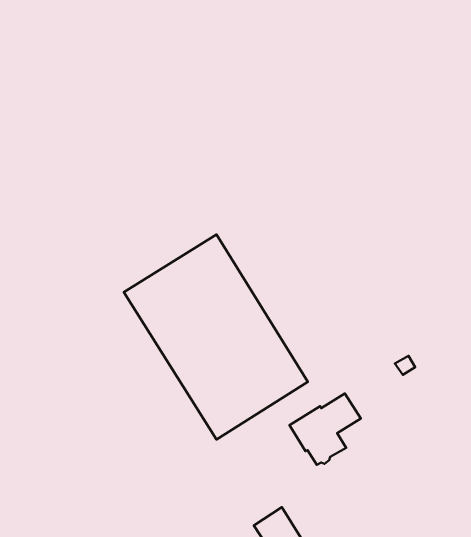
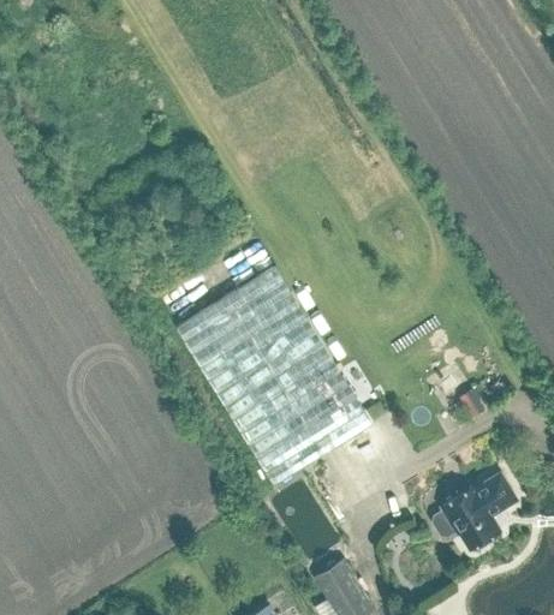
building: [290,394,361,465] -> [441,471,517,547]

